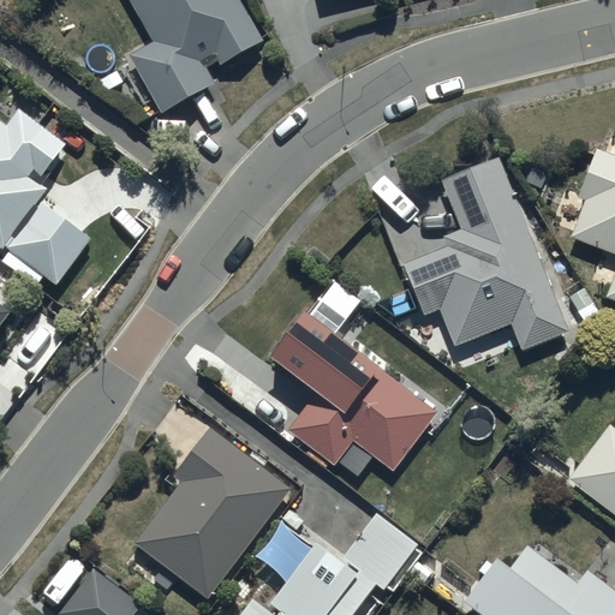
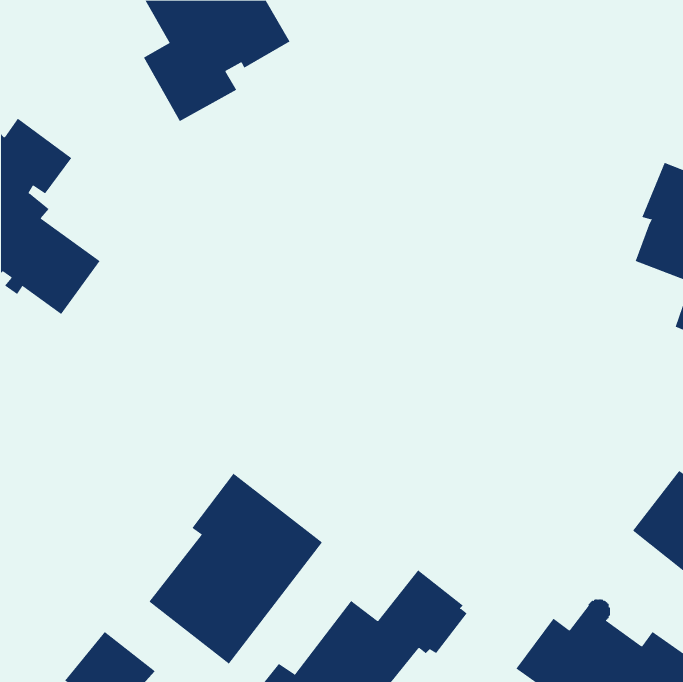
building: [404,157,568,350] -> none
building: [270,306,454,471] -> none

